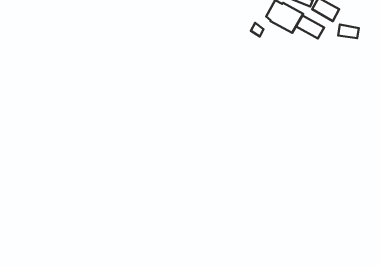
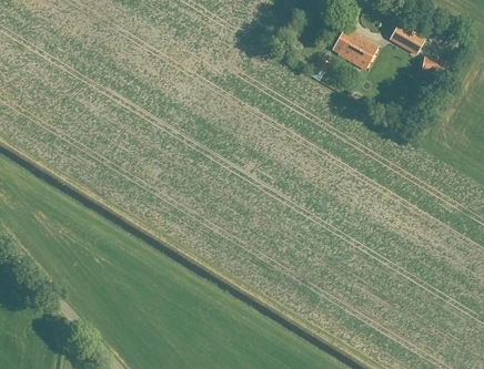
building: [296,15,324,38] -> none

